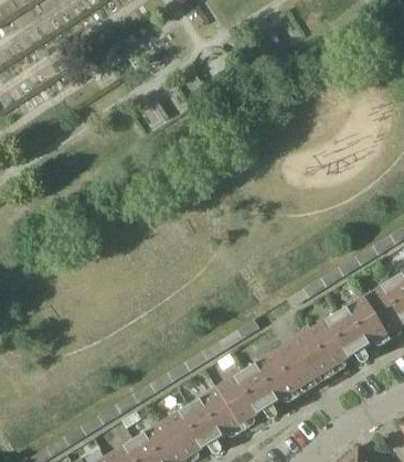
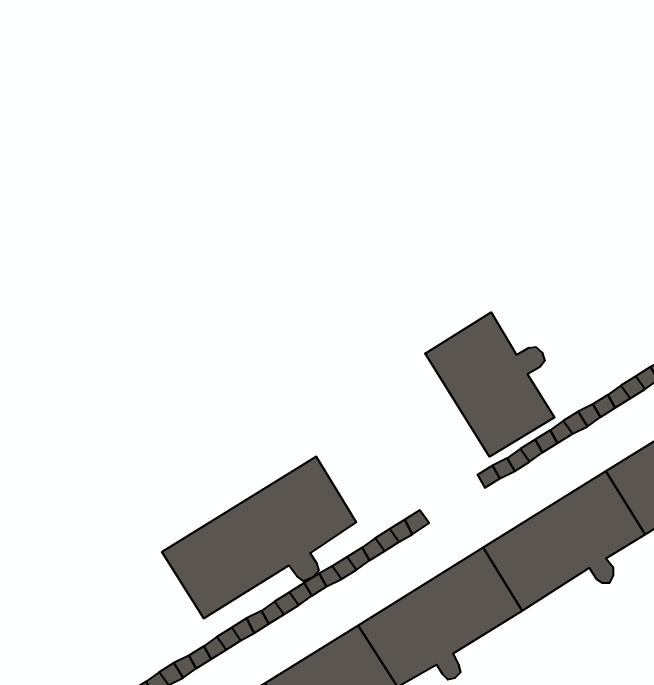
building: none -> [425,312,555,457]
building: none -> [162,456,356,619]

